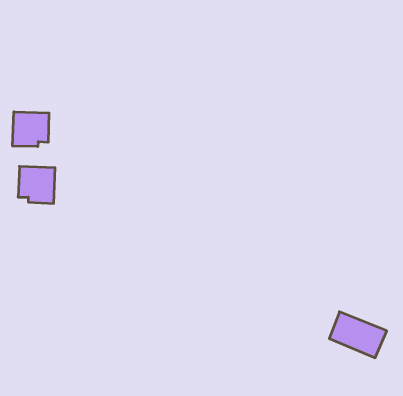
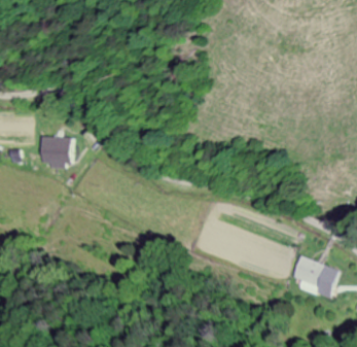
building: [13,112,49,147] -> none

